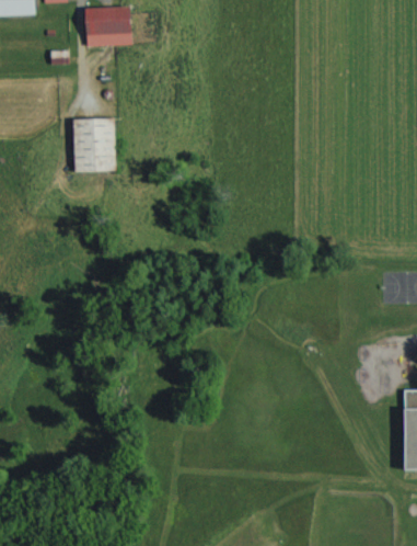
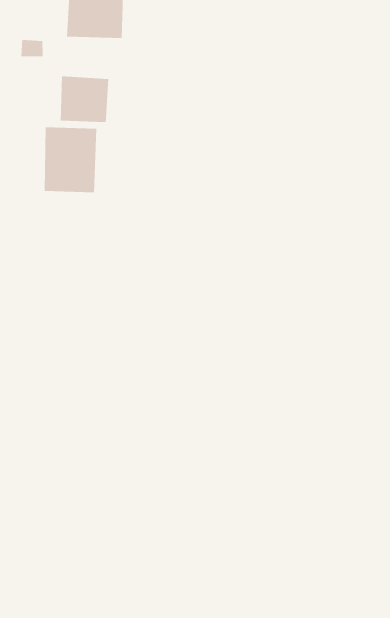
building: none -> [60,76,109,123]

